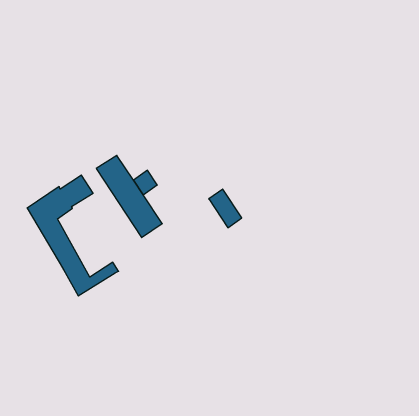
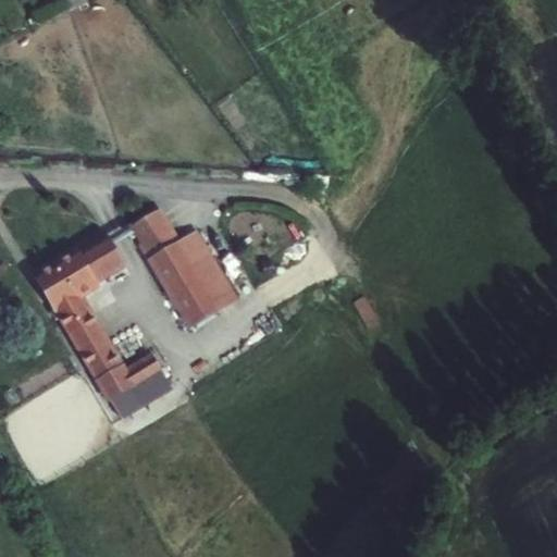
building: [209,189,242,228] -> [191,250,235,301]
building: none -> [106,367,170,420]

